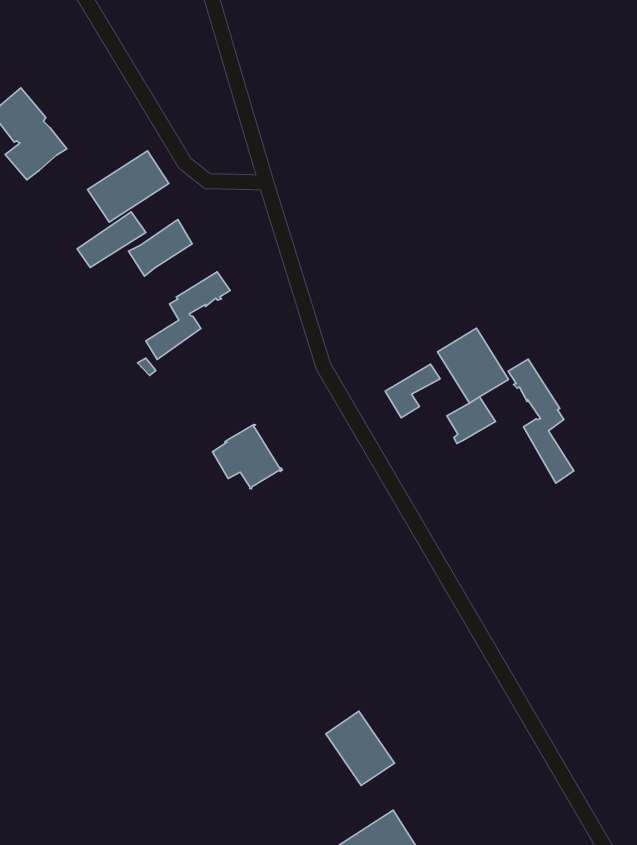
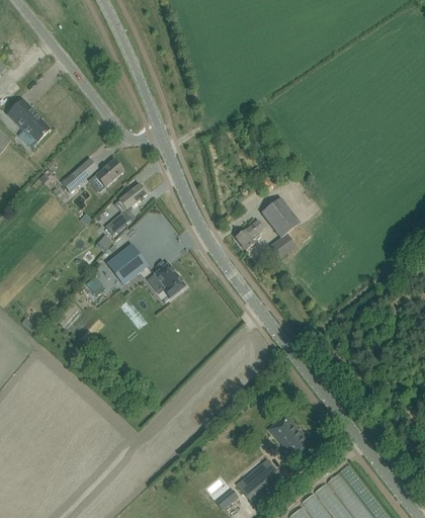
building: [88,151,169,222] -> none
building: [508,359,574,483] -> none
building: none -> [105,243,148,283]
building: [326,711,394,786] -> [271,417,310,456]

